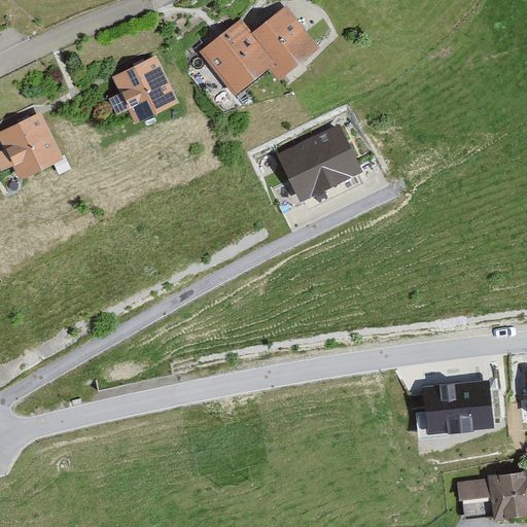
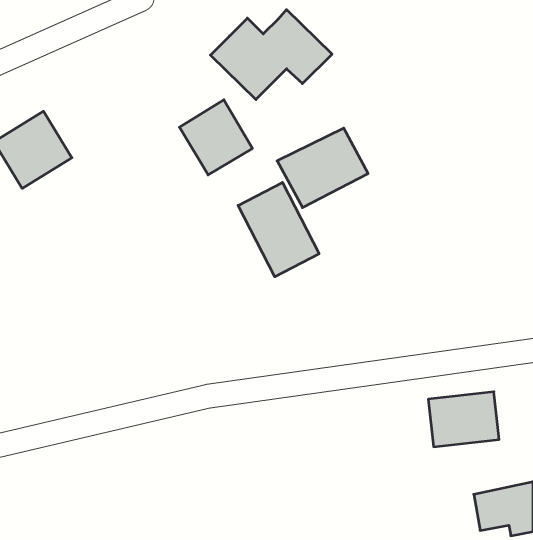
building: [110,52,181,126] -> [179,100,252,175]
building: none -> [238,182,319,277]

